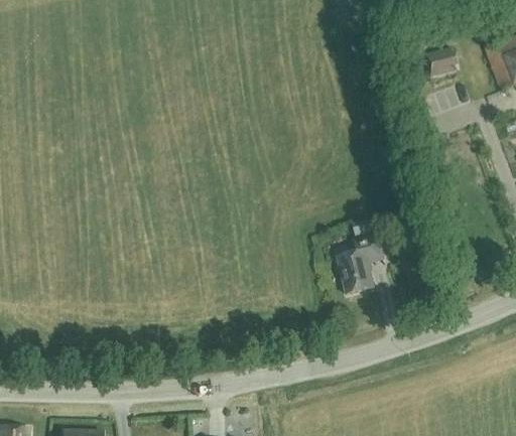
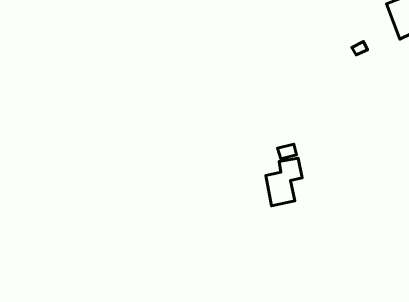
building: [426,47,460,78] -> none

